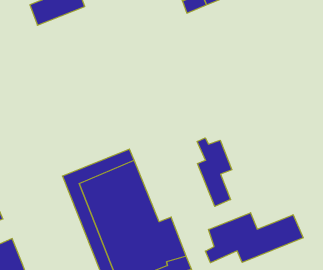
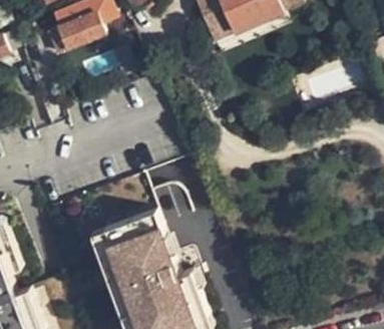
building: [197,138,232,206] -> none
building: [205,213,303,263] -> none

